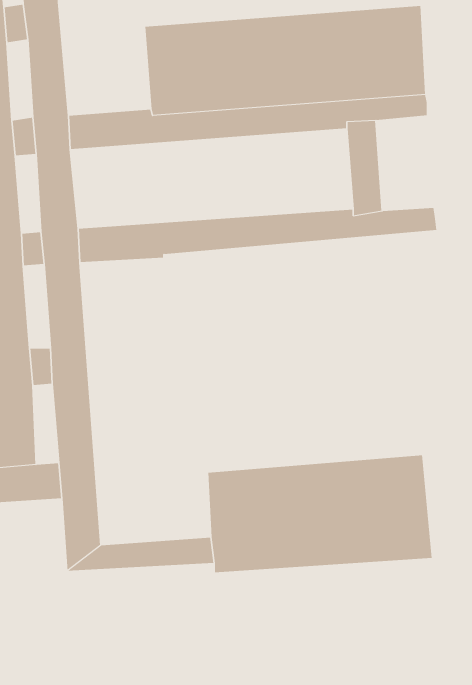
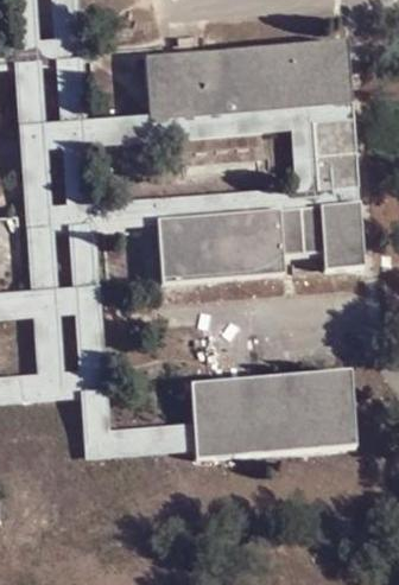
building: none -> [314,120,356,190]
building: none -> [158,204,363,281]

